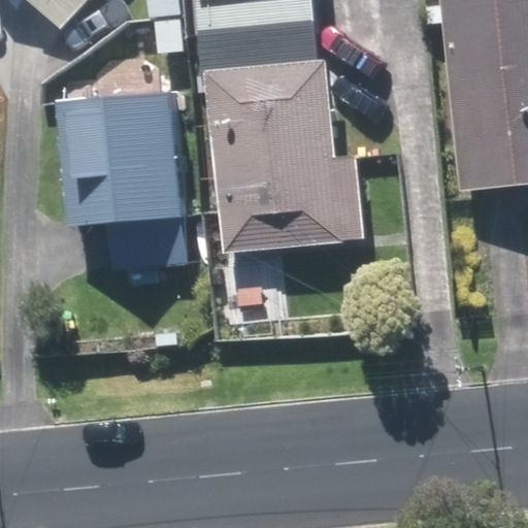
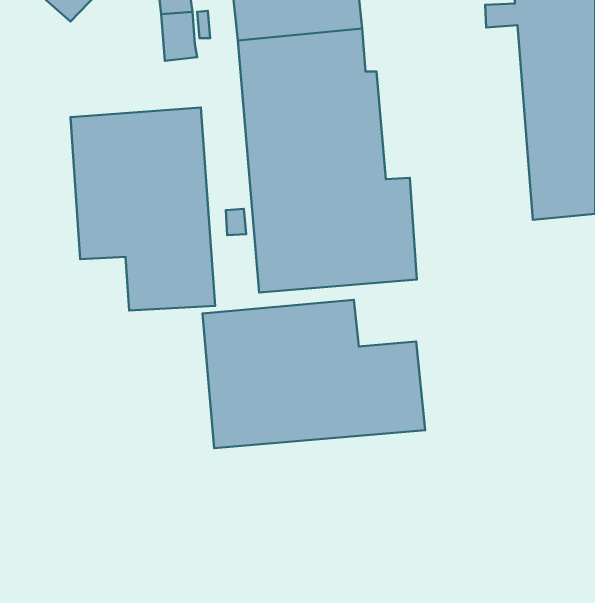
building: none -> [203,300,425,448]

